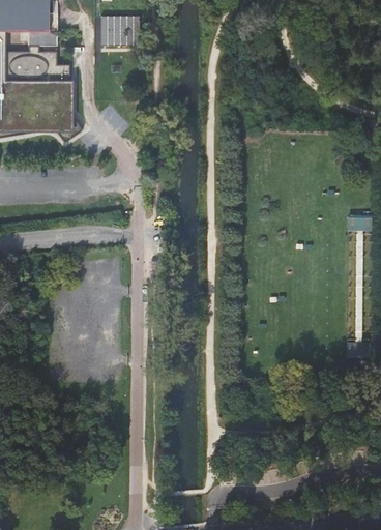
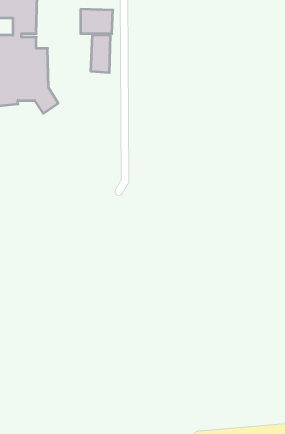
building: none -> [91,35,110,73]

